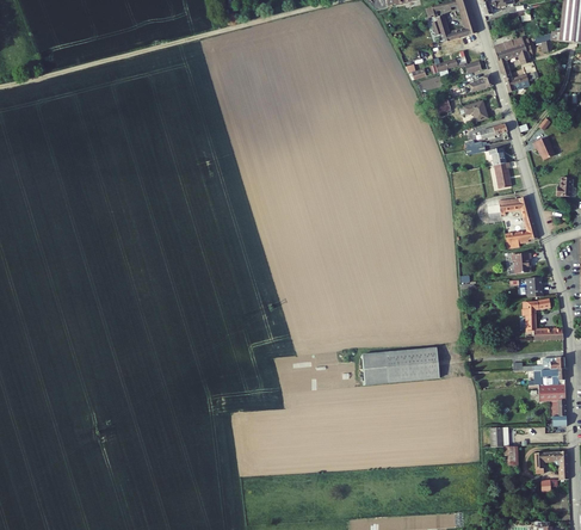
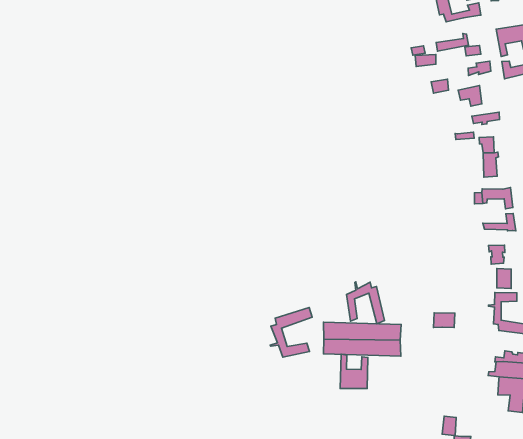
building: none -> [346,282,384,324]
building: none -> [270,308,312,357]
building: none -> [340,354,368,389]

